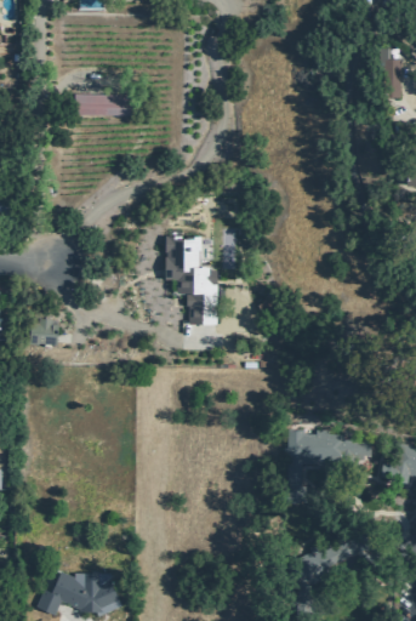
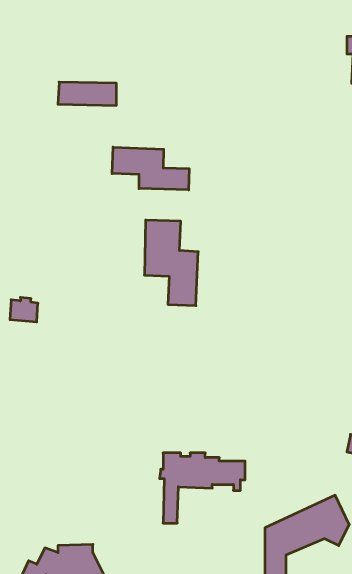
building: none -> [112,147,189,190]
building: [281,429,370,502] -> [160,453,245,523]

